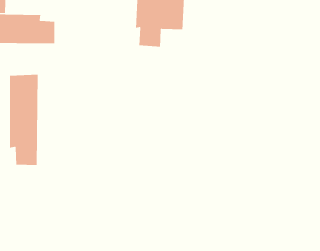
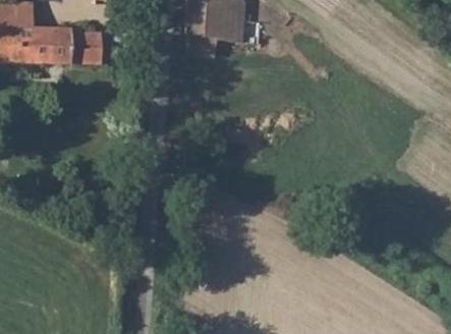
building: [9,74,39,166] -> none

